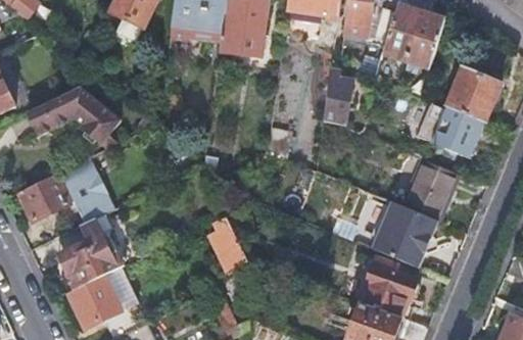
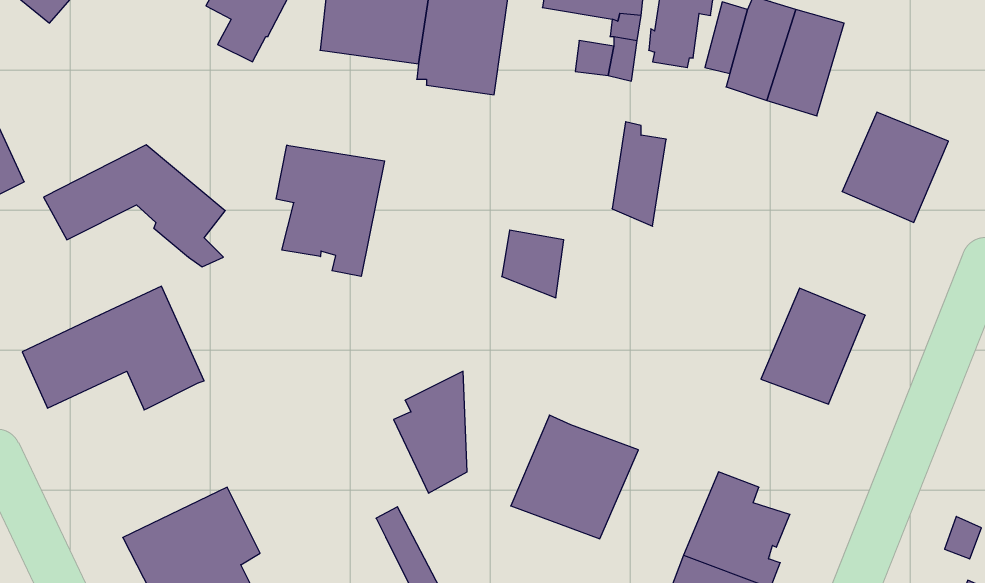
building: none -> [276,145,385,276]
building: [416,103,508,160] -> none
building: [371,203,438,269] -> [511,415,638,539]
building: [56,210,126,292] -> none

